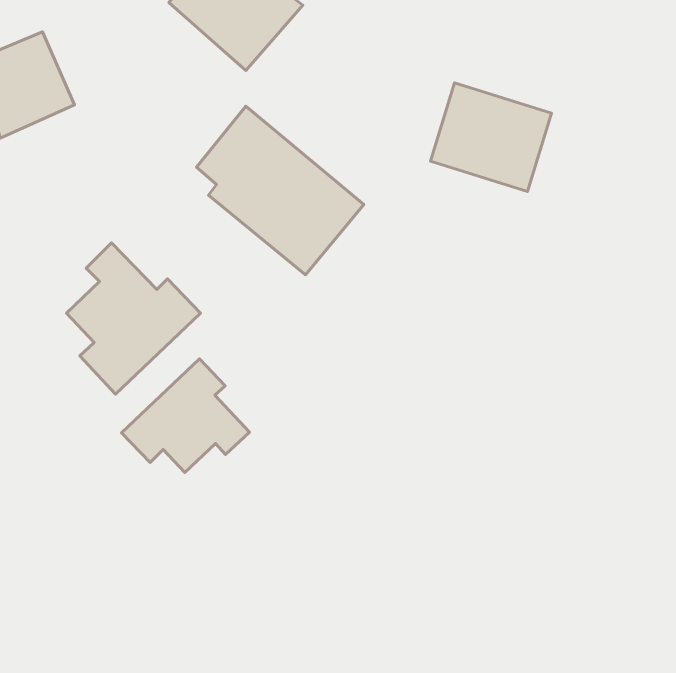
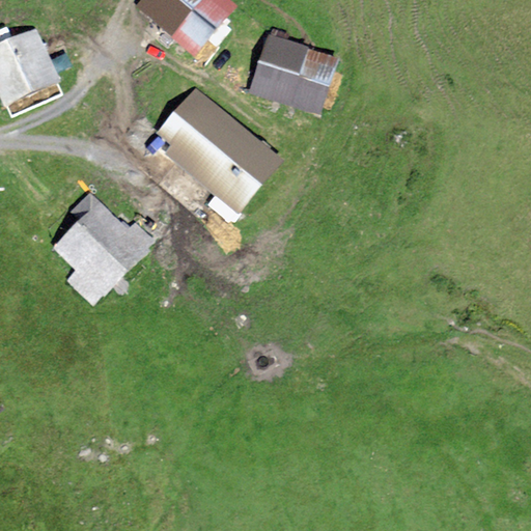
building: [431,83,552,192] -> [247,30,341,115]
building: [121,359,250,473] -> none

